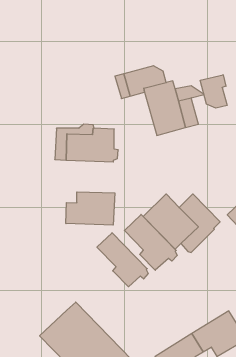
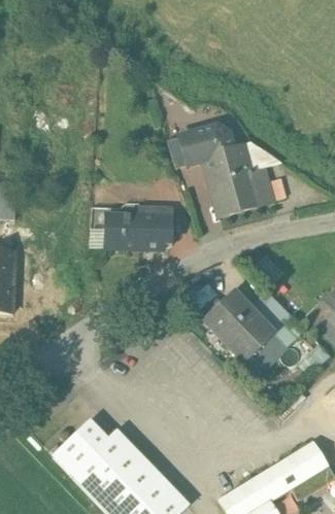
building: [200,75,227,108] -> none
building: [66,192,115,225] -> none
building: [124,214,177,270] -> none
building: [97,233,148,287] -> none
building: none -> [54,423,105,474]

